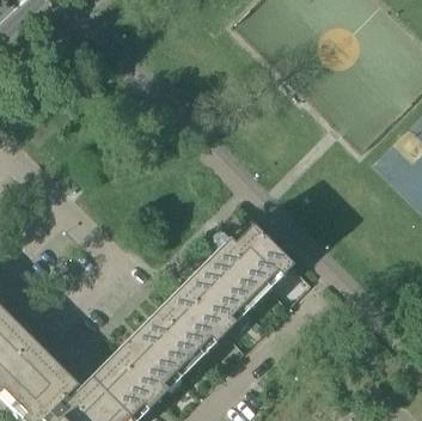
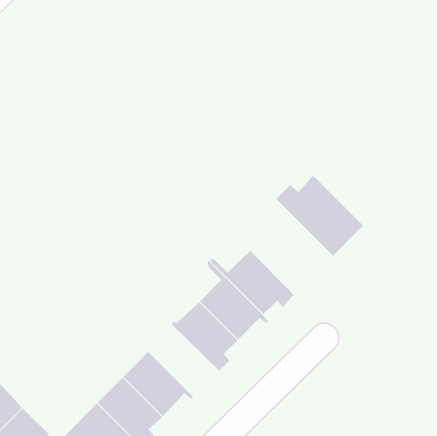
building: none -> [275,175,364,256]
building: [161,289,225,354] -> none

